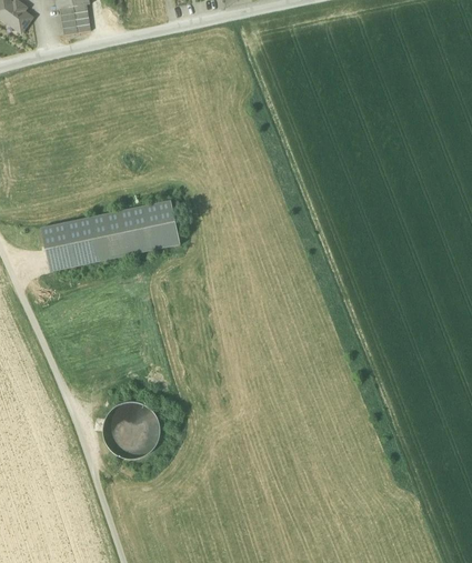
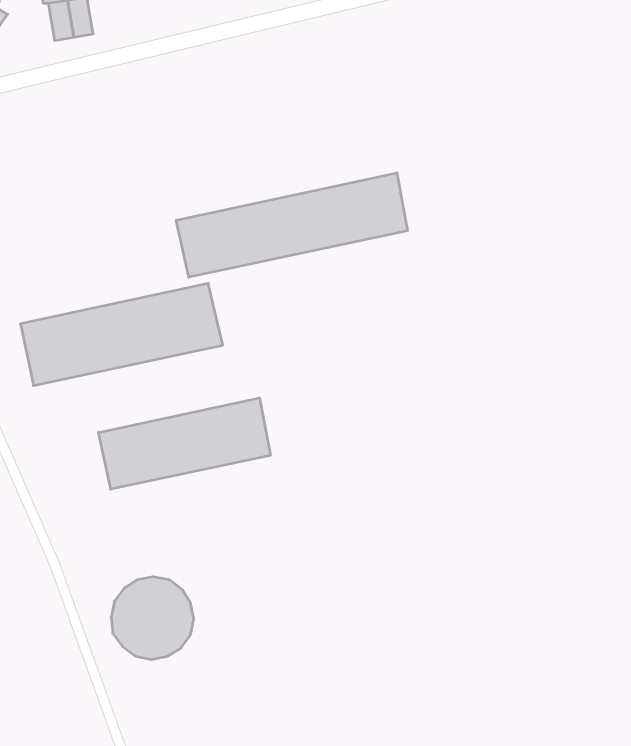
building: none -> [176,173,408,277]
building: none -> [98,398,270,489]

